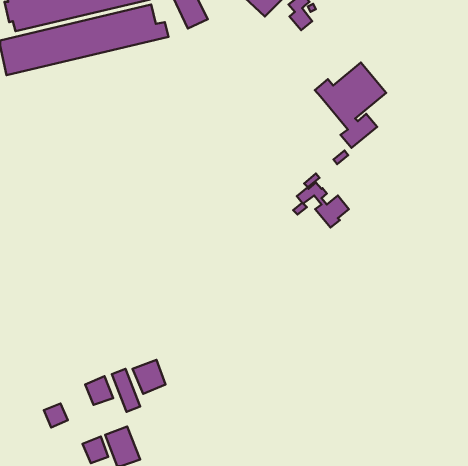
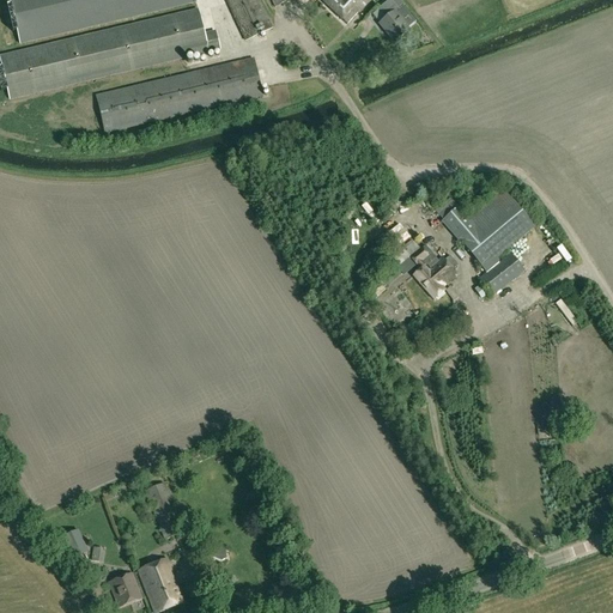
building: none -> [96,55,262,132]
building: [315,63,386,148] -> [443,183,536,295]
building: [133,360,165,394] -> none
building: [85,376,113,405] -> none

